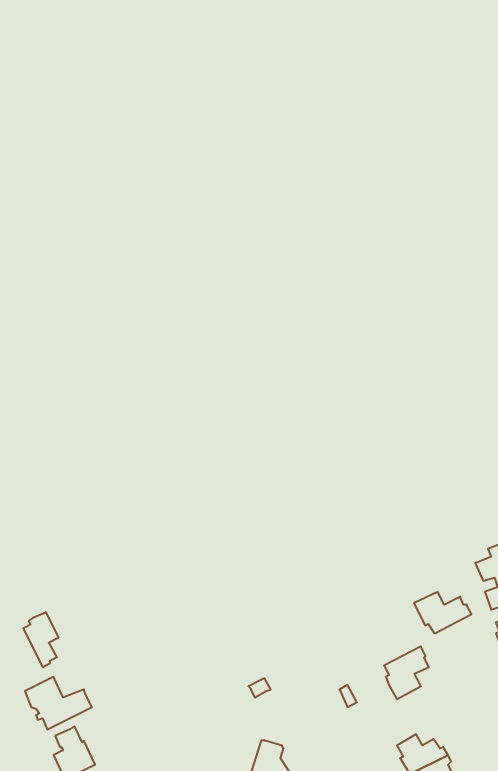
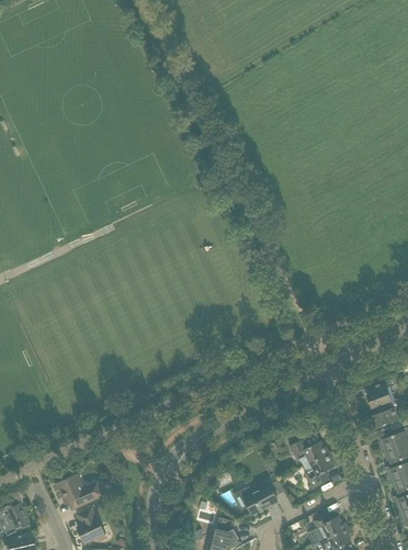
building: [414,592,471,633] -> [290,438,329,467]
building: [23,612,58,667] -> none
building: none -> [240,485,279,516]

